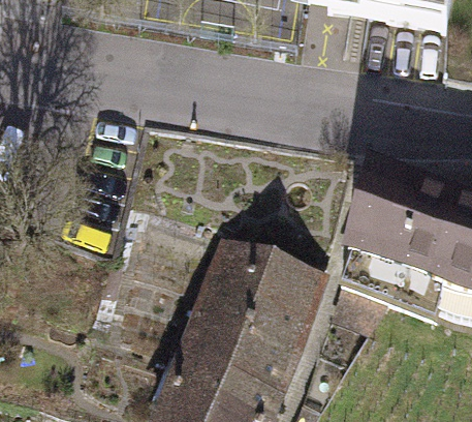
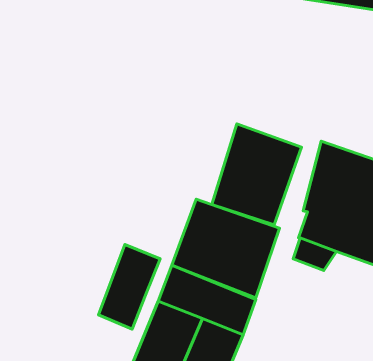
building: none -> [212,124,301,225]
building: none -> [98,244,160,329]

